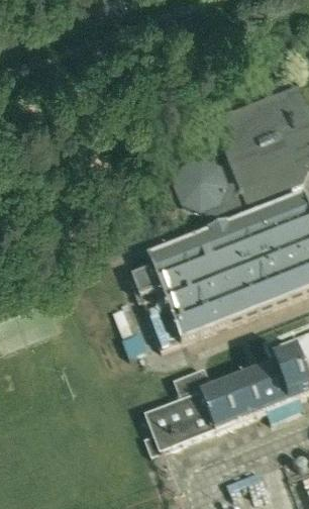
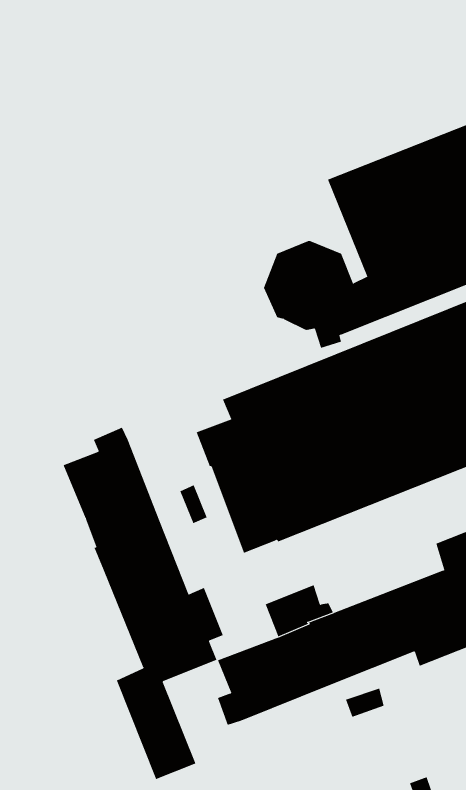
building: none -> [63,427,223,780]

